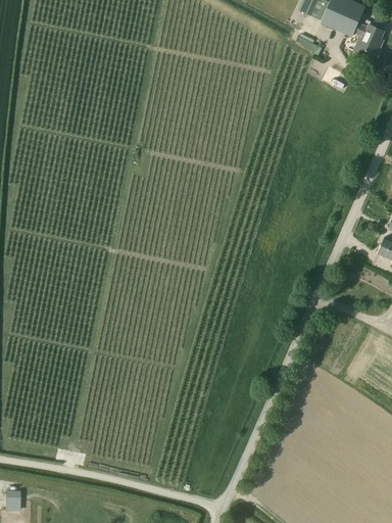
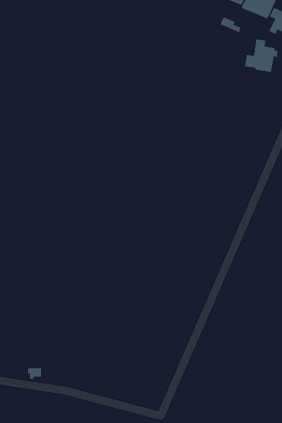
building: none -> [245,38,278,73]

